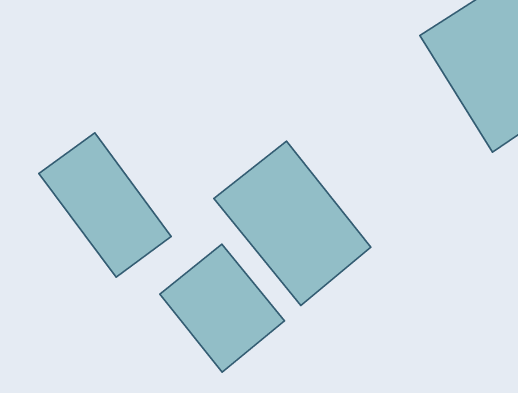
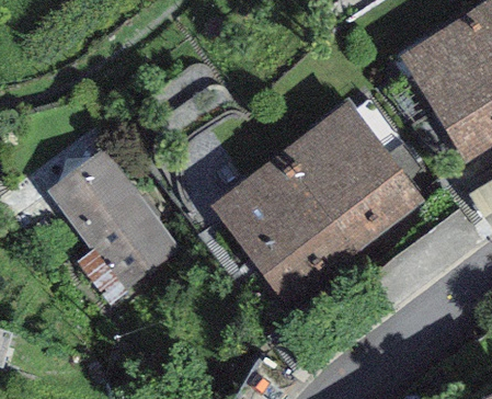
building: none -> [277,99,426,252]
building: [160,244,285,372] -> none

